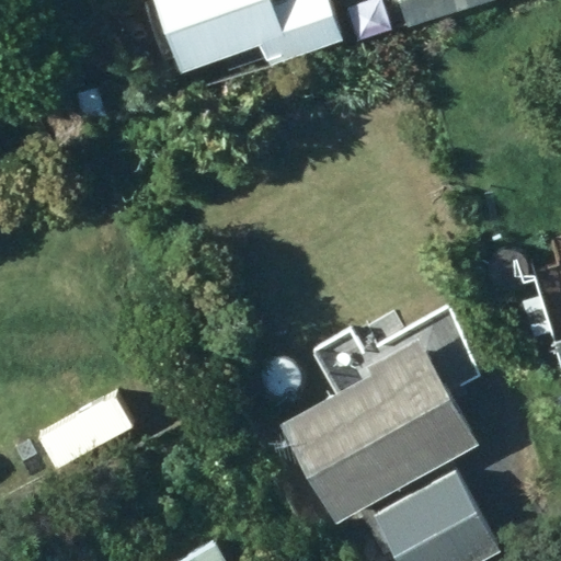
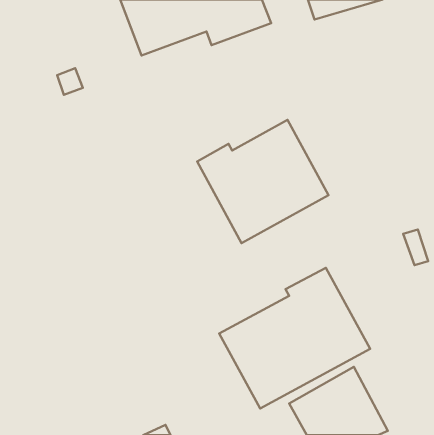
building: none -> [197,120,329,243]

